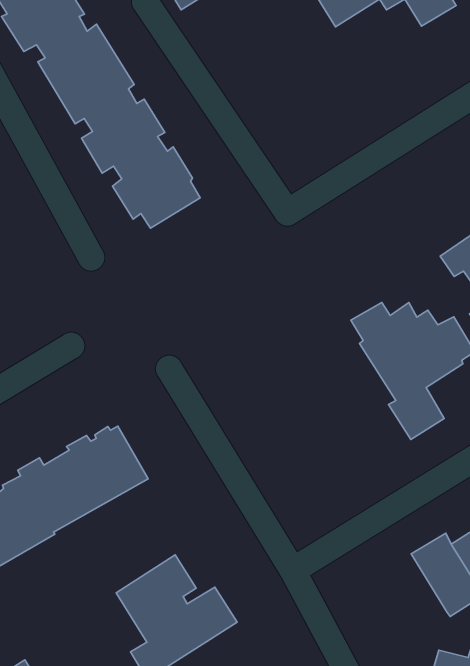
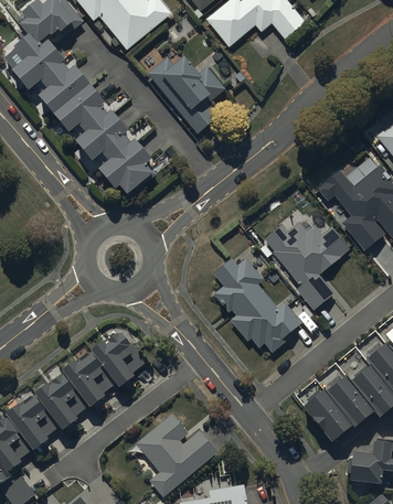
building: none -> [148,58,225,137]
building: none -> [213,258,304,354]
building: none -> [304,385,353,438]

